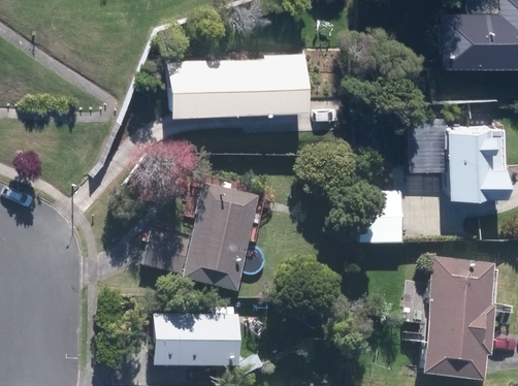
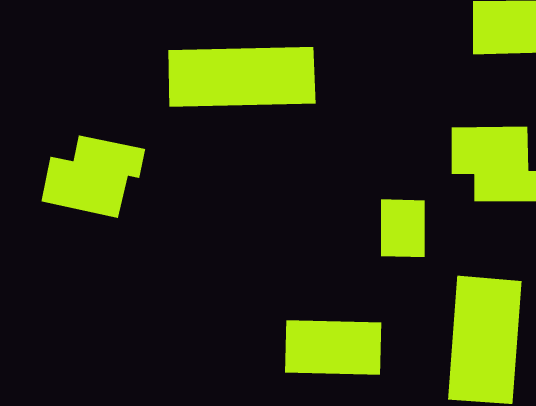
building: none -> [40,134,146,219]
building: [144,186,258,288] -> none
building: [154,318,242,368] -> [284,320,382,375]

